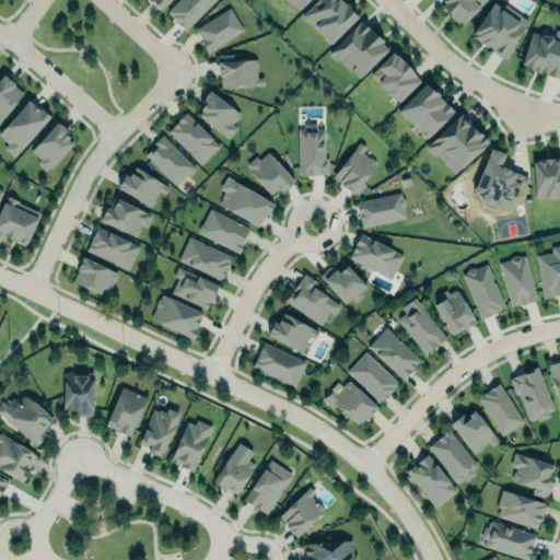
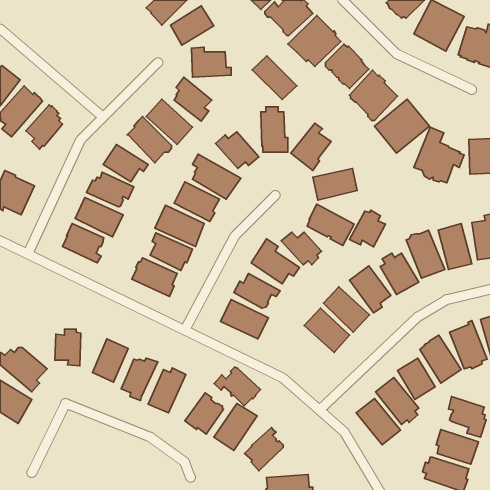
building: none -> [252,56,297,100]
building: none -> [350,210,386,247]
building: [325,382,377,425] -> [214,367,260,406]

